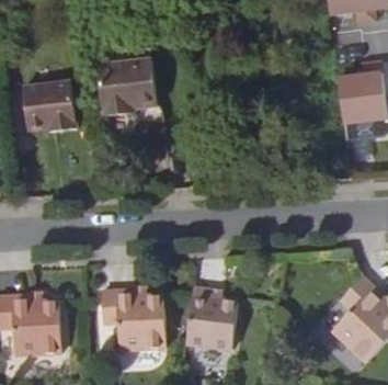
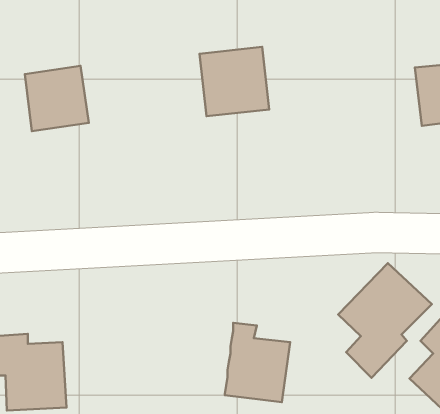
building: [101,58,156,113] -> [200,47,269,116]
building: none -> [338,263,432,378]
building: [101,287,166,348] -> none

